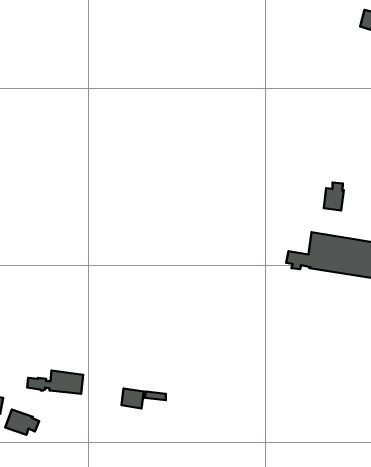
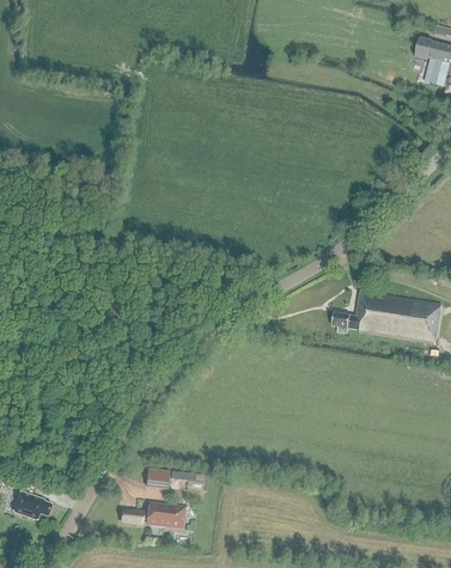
building: [324,183,344,210] -> none
building: [27,371,83,394] -> [121,501,184,527]

